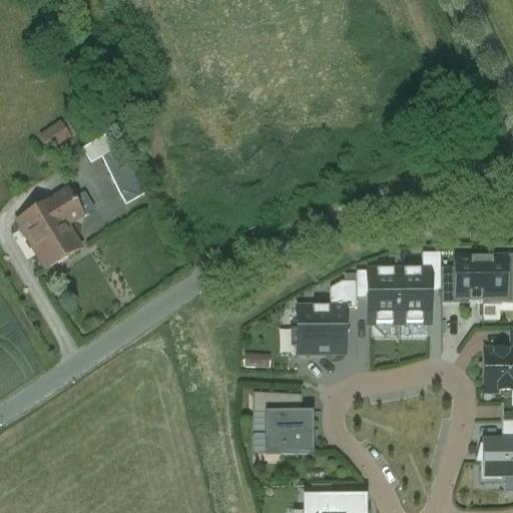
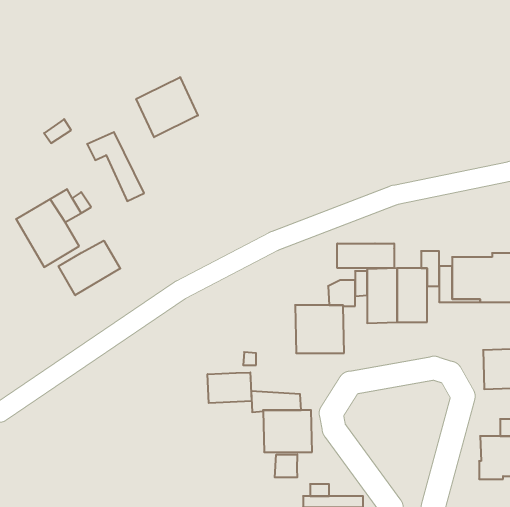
building: none -> [136,77,198,137]
building: none -> [59,241,120,295]
building: none -> [337,243,394,268]
building: none -> [208,372,251,403]
building: none -> [275,454,297,477]

